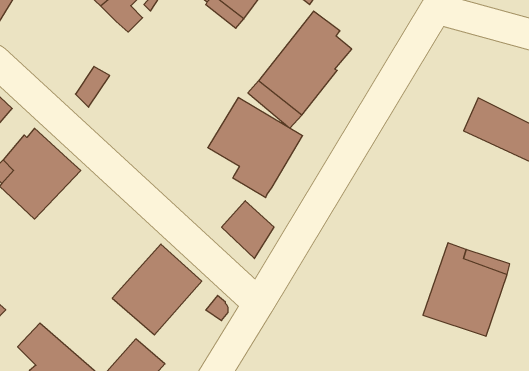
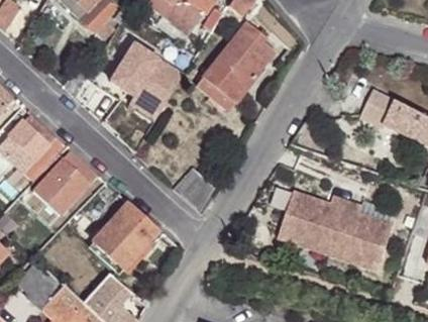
building: [208,98,303,198] -> [110,39,183,116]
building: none -> [32,147,97,214]
building: none -> [279,189,348,254]

